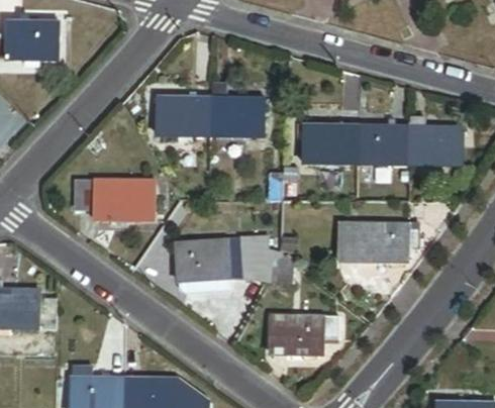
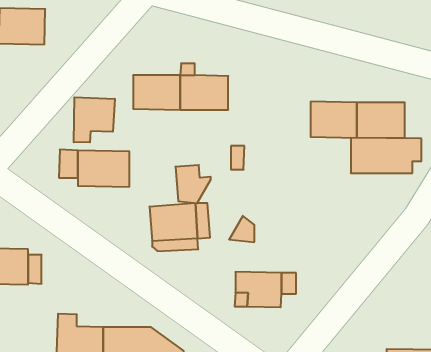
building: none -> [74,97,115,142]
building: [302,125,355,165] -> none
building: [337,221,416,261] -> [351,138,421,173]
building: [239,236,279,279] -> [175,165,211,203]

